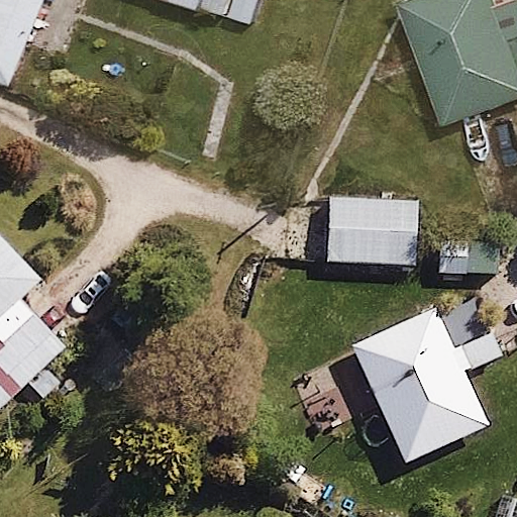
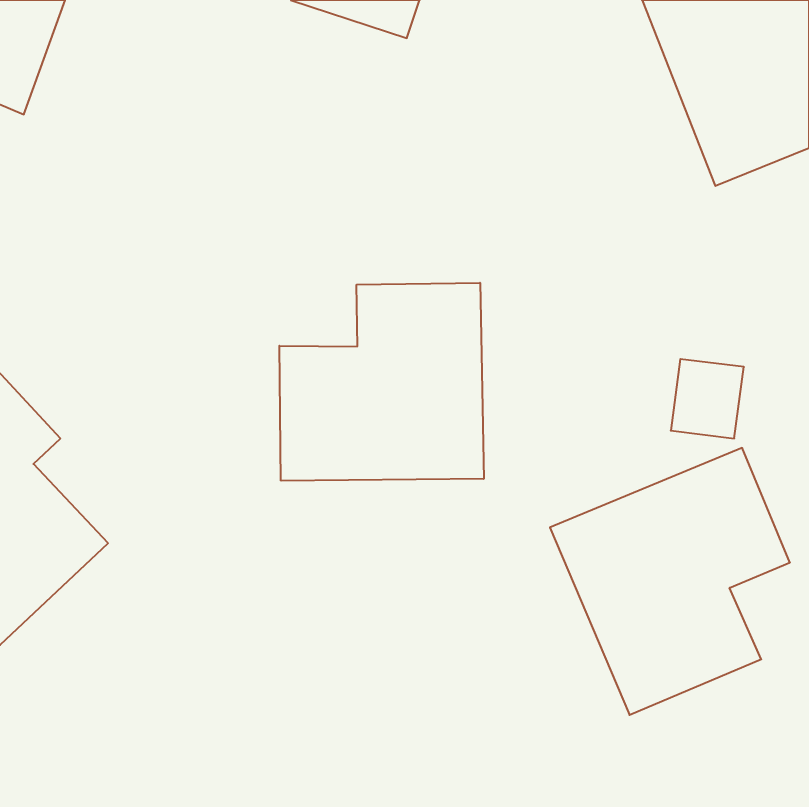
building: none -> [279,283,484,481]
building: [325,190,416,265] -> none

